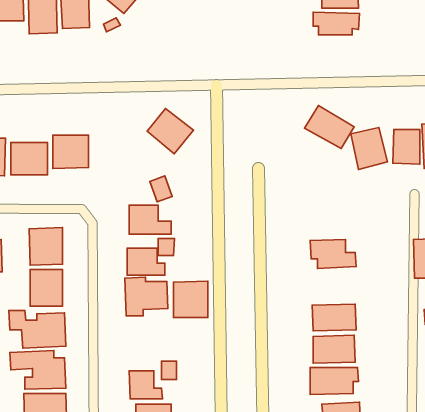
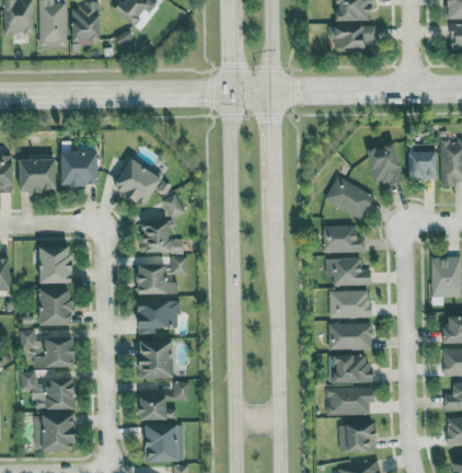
building: [305,105,354,149] -> [323,175,373,219]
building: [147,109,194,154] -> [115,159,162,205]
building: none -> [321,226,365,253]
building: none -> [327,290,370,319]
building: [173,281,208,318] -> [139,341,174,378]

